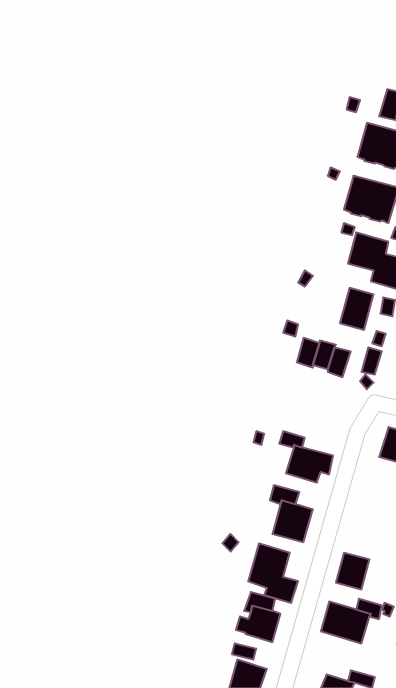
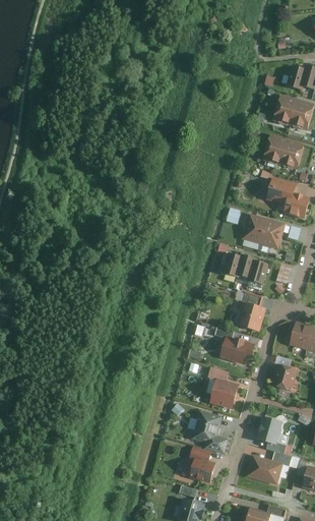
building: none -> [241,212,266,243]
building: none -> [234,288,265,331]
building: none -> [270,363,297,390]

